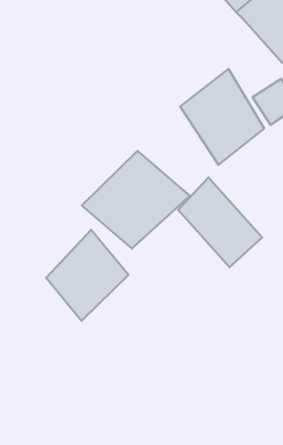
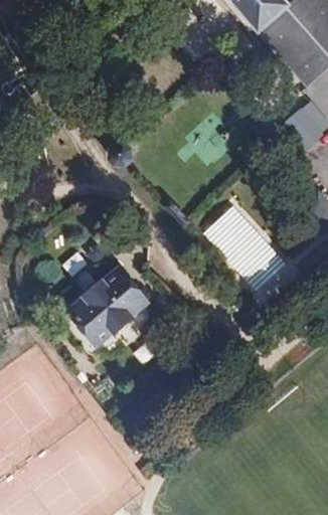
building: [180,69,264,165] -> none
building: [82,151,190,248] -> none

